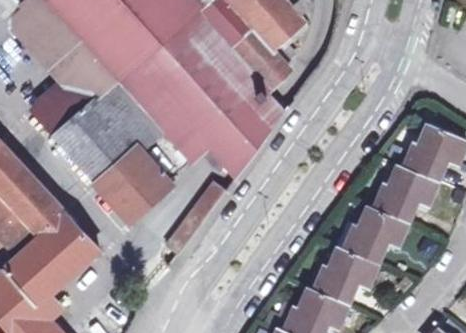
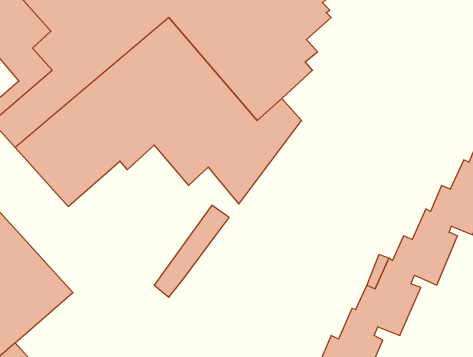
building: [95,144,174,222] -> none

